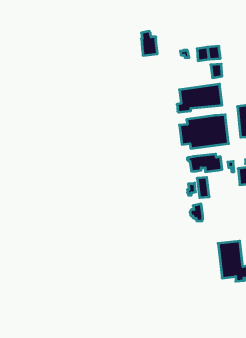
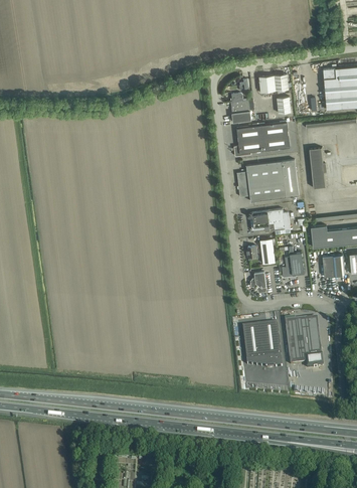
building: [141,31,157,55] -> [231,93,251,123]
building: none -> [282,248,305,278]
building: none -> [243,322,283,367]

